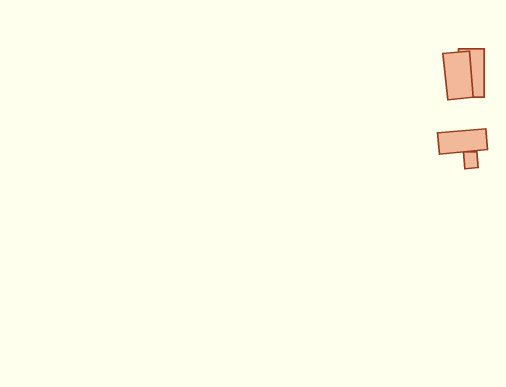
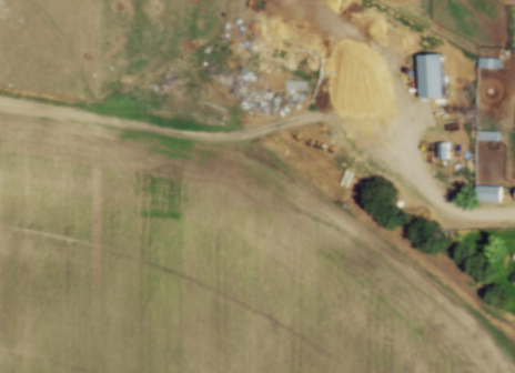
building: [438,129,488,154] -> none

